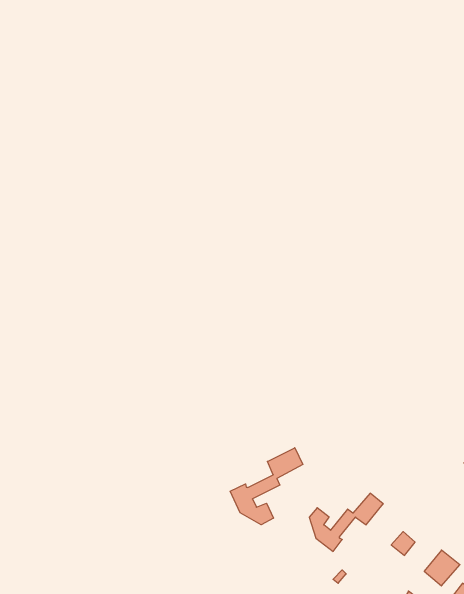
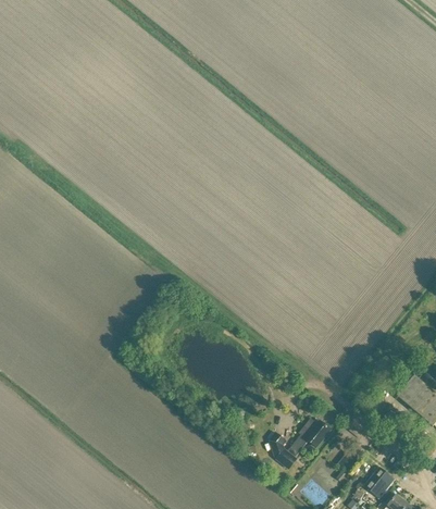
building: [230,448,303,525] -> none

